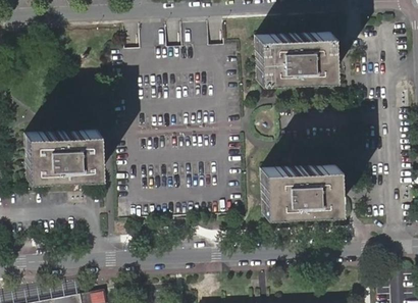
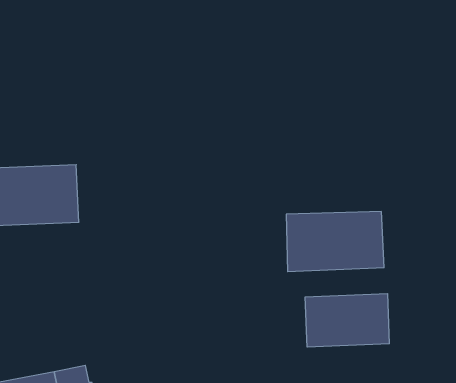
building: [256,32,332,81] -> none
building: none -> [305,294,389,347]

